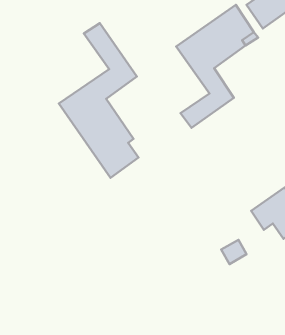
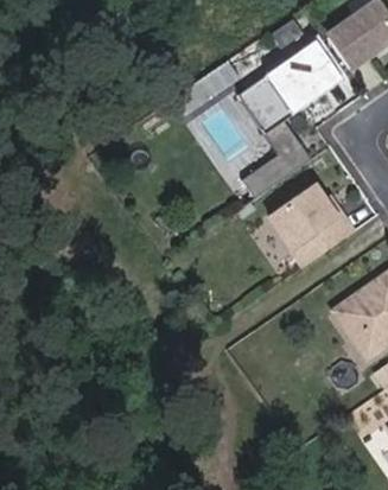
building: [59,23,138,178] -> none
building: none -> [271,186,355,262]

